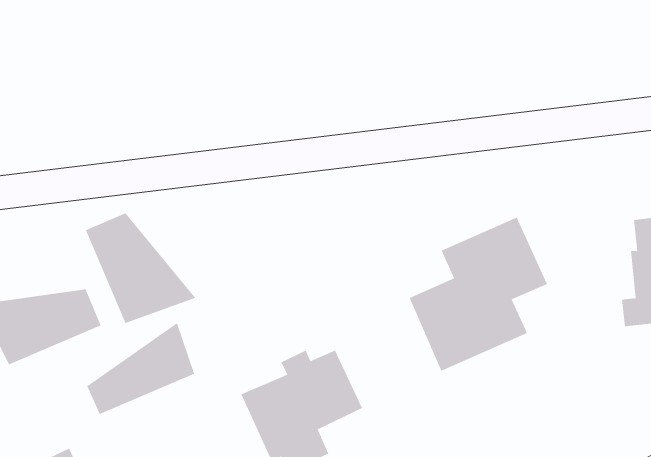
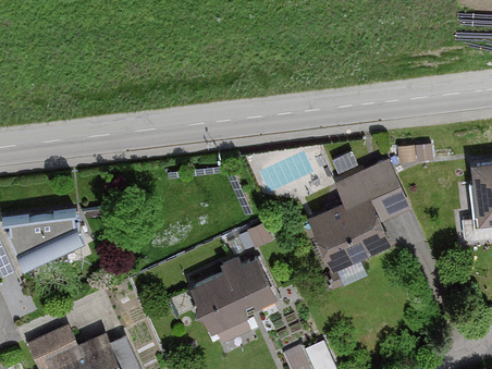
building: [85,212,196,324] -> none
building: [87,322,195,415] -> none

